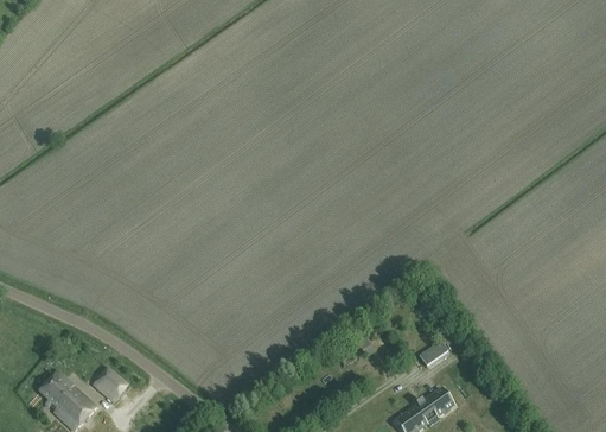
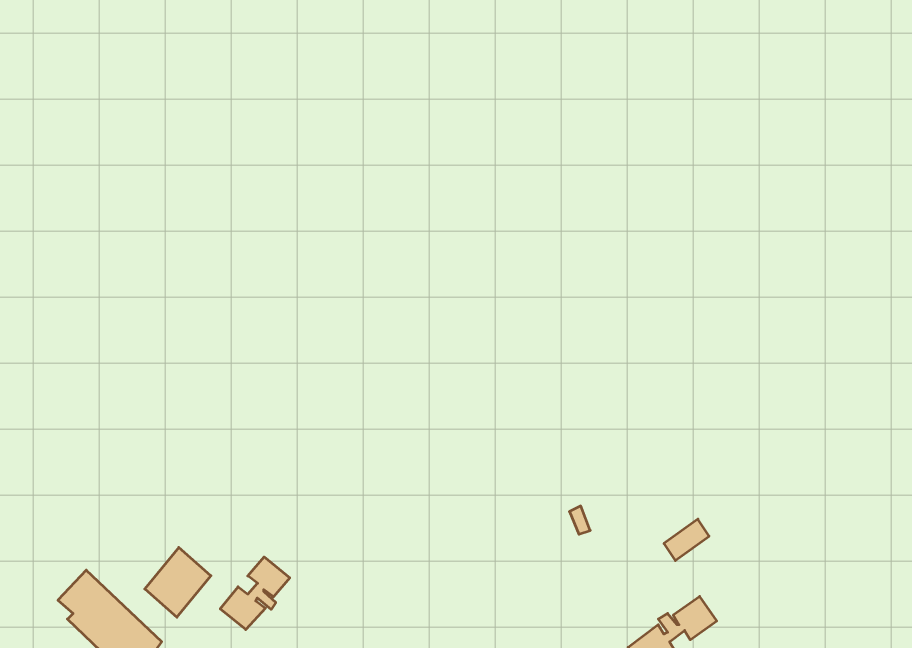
building: none -> [220,557,290,630]

